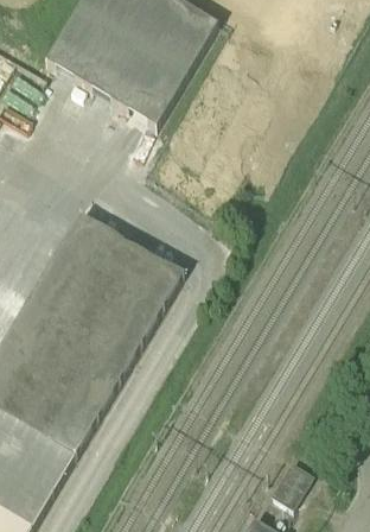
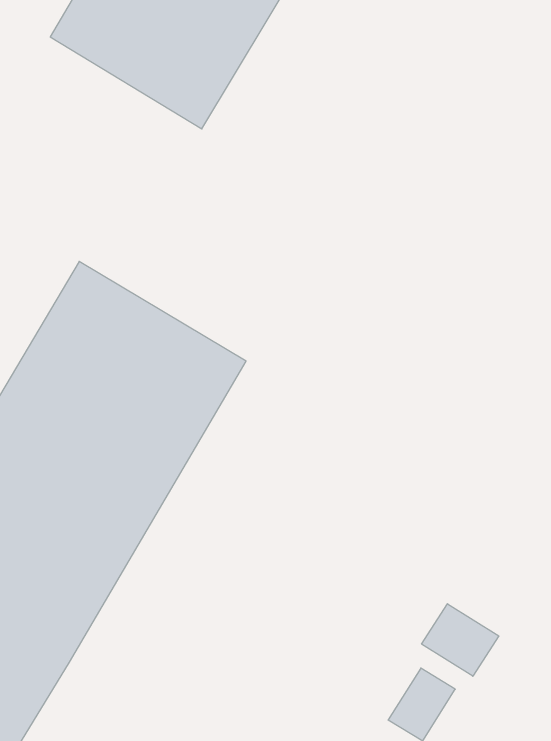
building: none -> [422,604,499,676]

